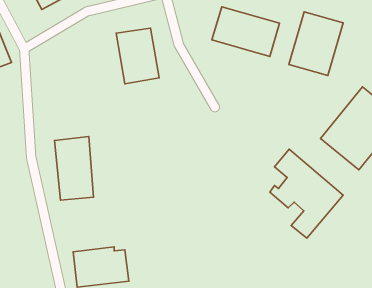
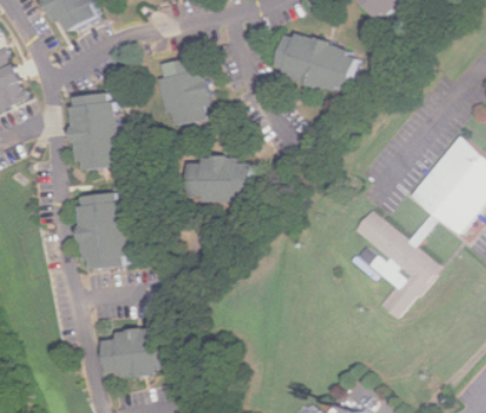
building: [289,12,343,76] -> none
building: none -> [69,91,121,172]
building: none -> [185,156,252,202]

